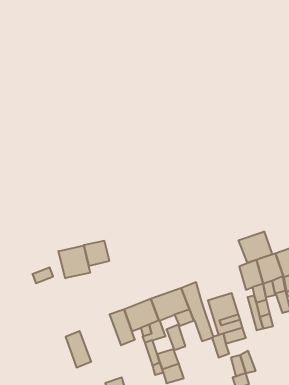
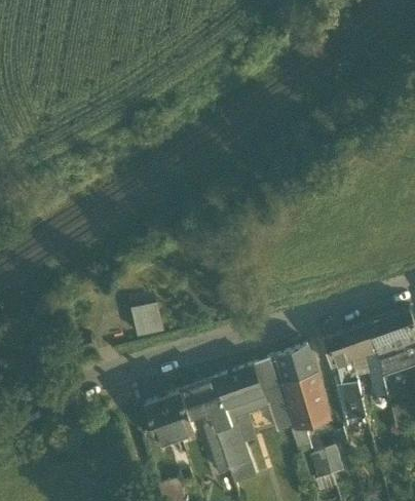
building: [239,231,272,263] -> none
building: [58,245,90,278] -> none
building: none -> [277,345,315,381]
building: none -> [217,398,250,448]
building: [66,331,91,367] -> [146,398,178,444]

